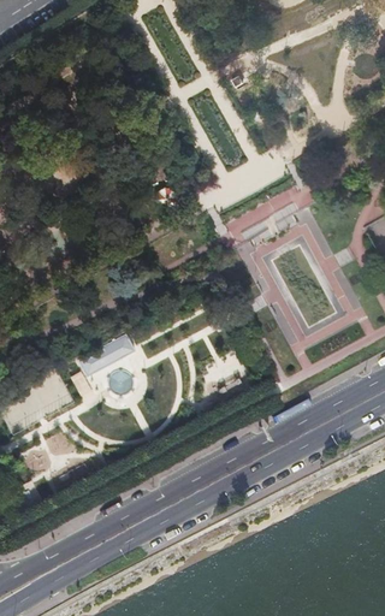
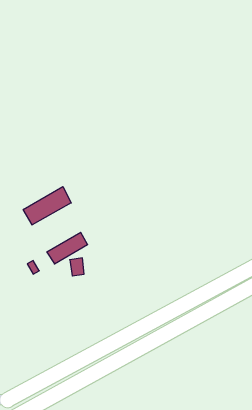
building: none -> [23,187,71,225]

